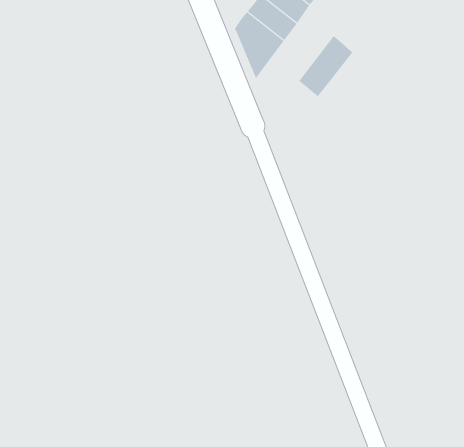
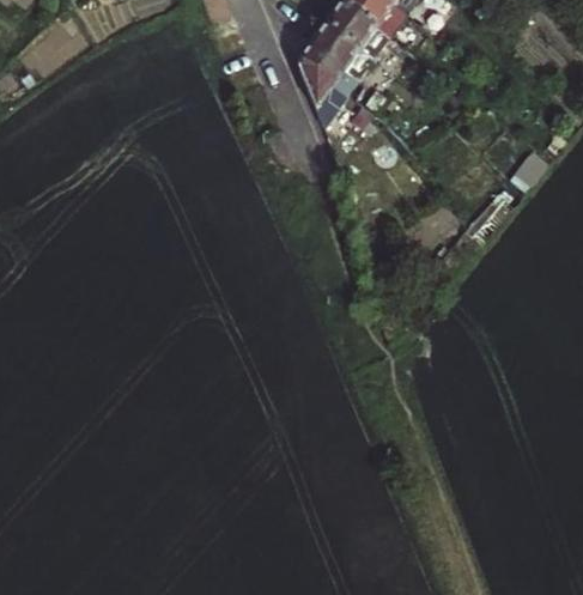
building: [299,35,353,97] -> none

